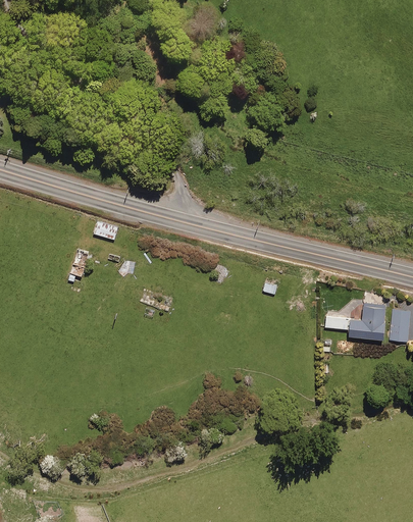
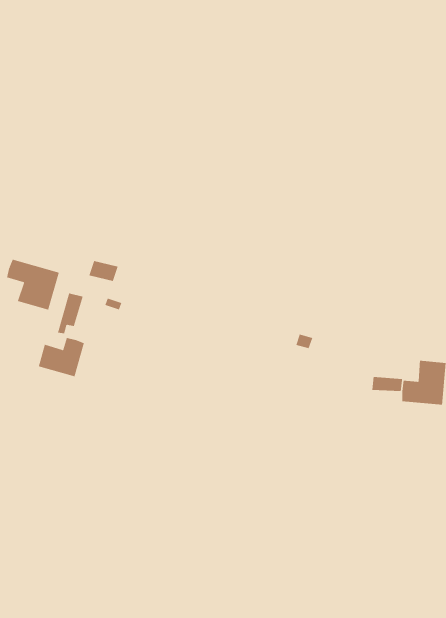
building: none -> [6,259,59,310]
building: none -> [38,337,85,377]

